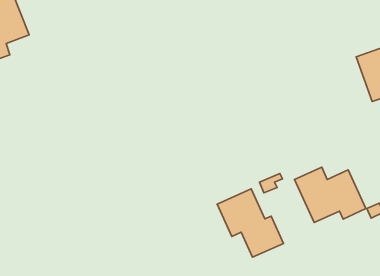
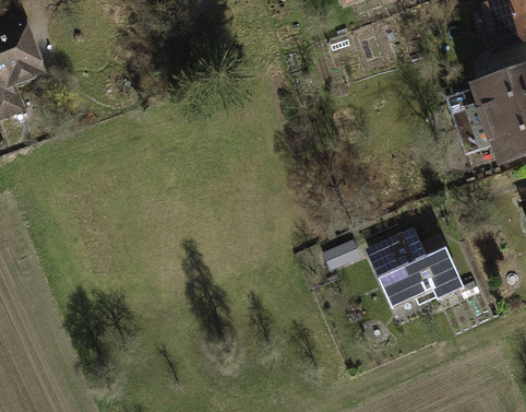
building: [217,189,283,257] -> none

